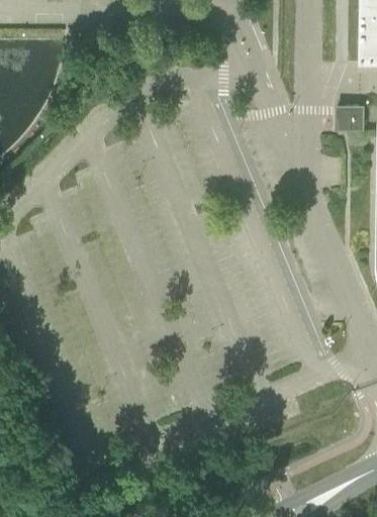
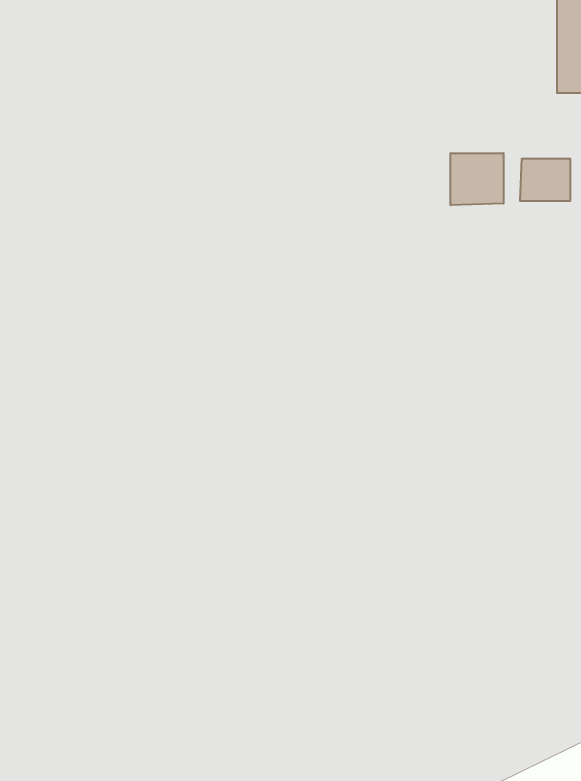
building: none -> [451,153,504,205]

